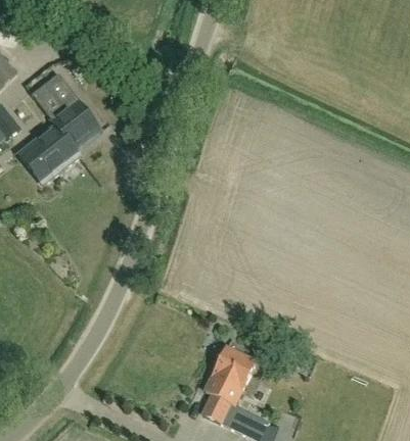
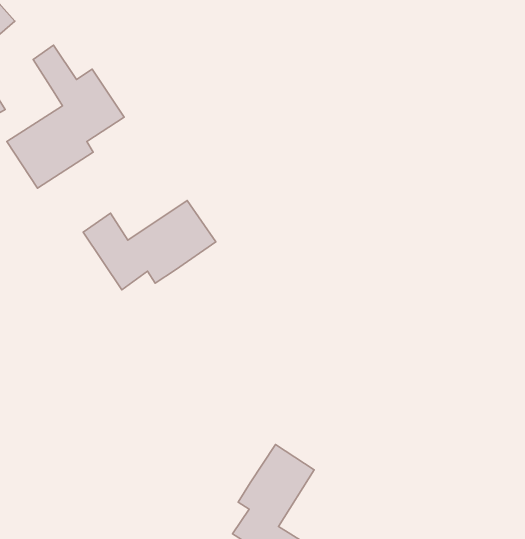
building: none -> [83,201,216,290]

